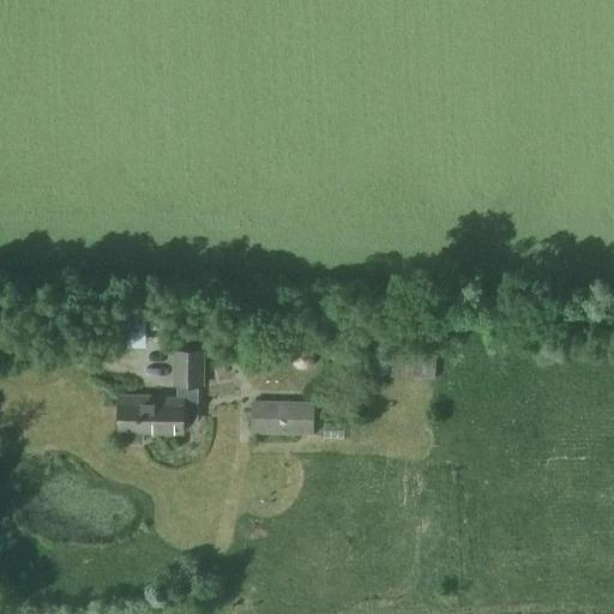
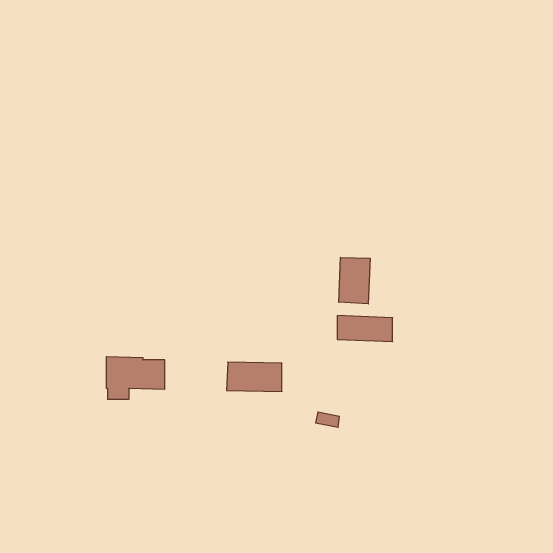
building: none -> [339,257,370,304]
building: [179,353,201,389] -> none

